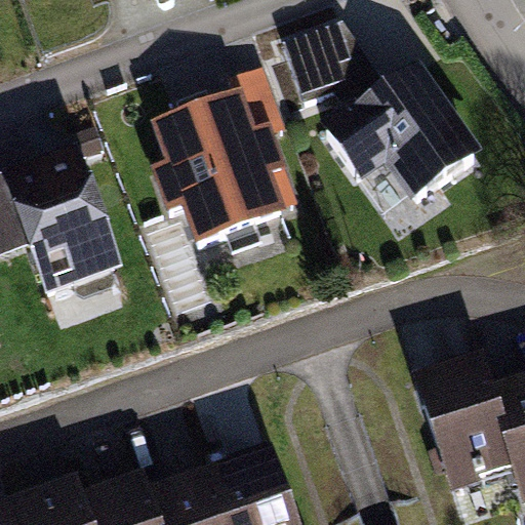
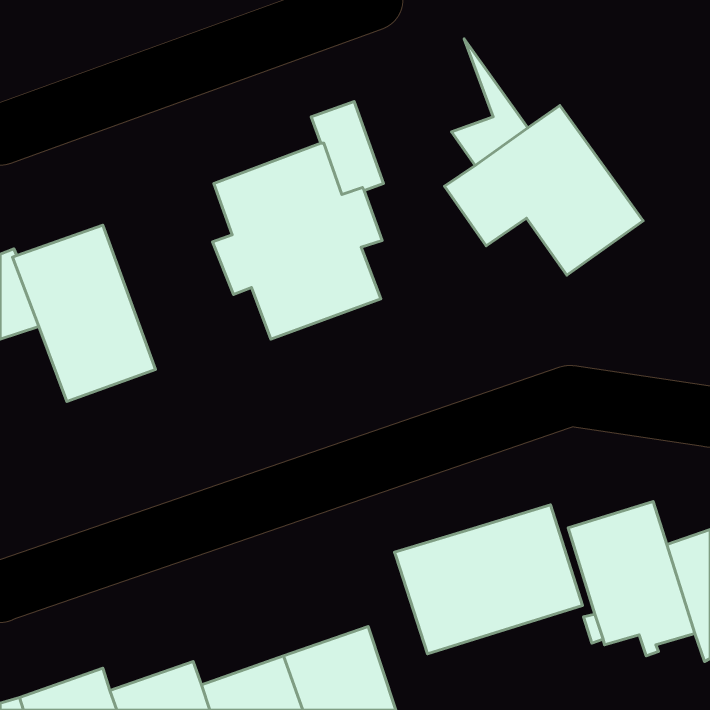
building: [284,29,364,108] -> none
building: none -> [395,505,583,654]

